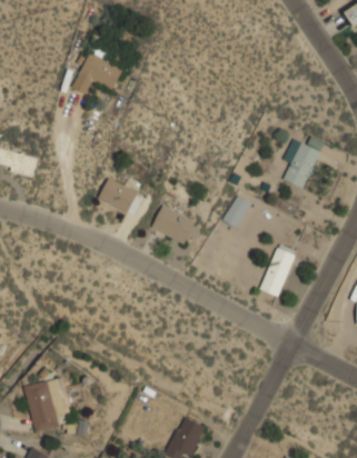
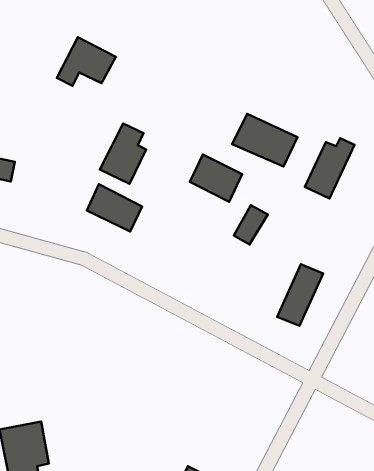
building: none -> [232,114,298,167]
building: none -> [100,123,146,184]
building: [151,205,196,245] -> [190,154,242,202]

